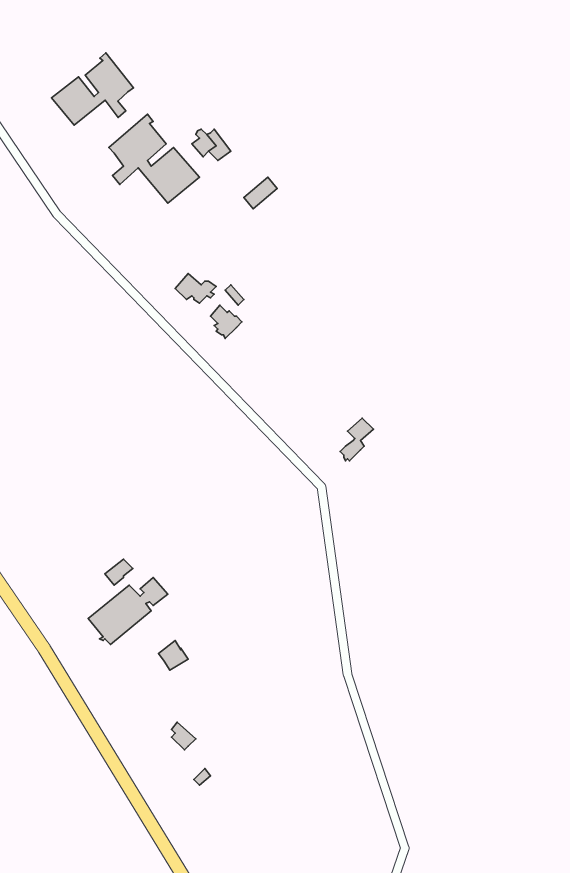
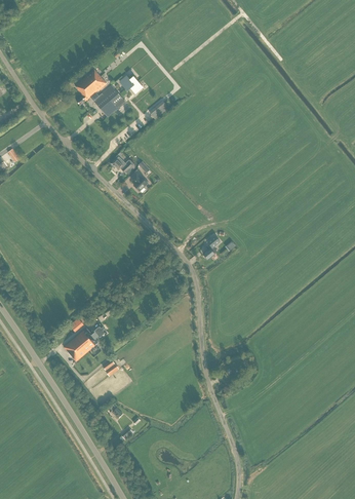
building: [51,53,134,125] -> none

